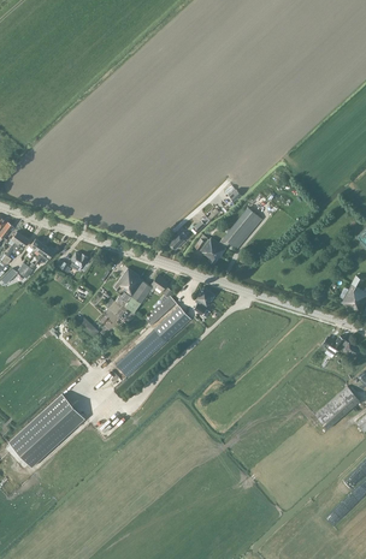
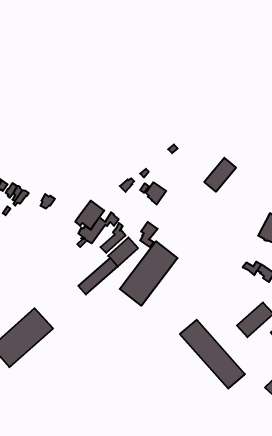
building: [223,207,262,249] -> [204,158,236,192]
building: none -> [120,241,178,306]
building: none -> [180,320,245,389]

